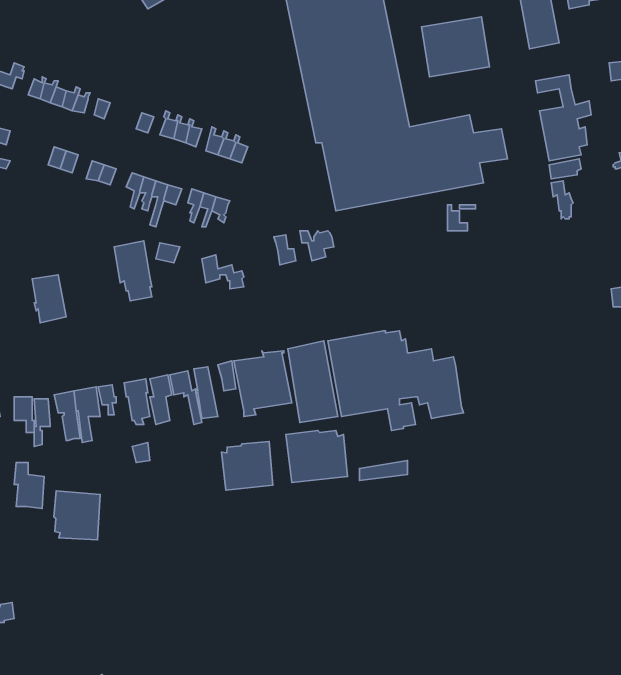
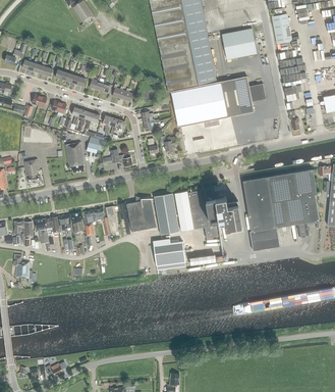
building: none -> [243,169,319,251]
building: [221,441,273,490] -> none
building: [54,491,100,540] -> none

